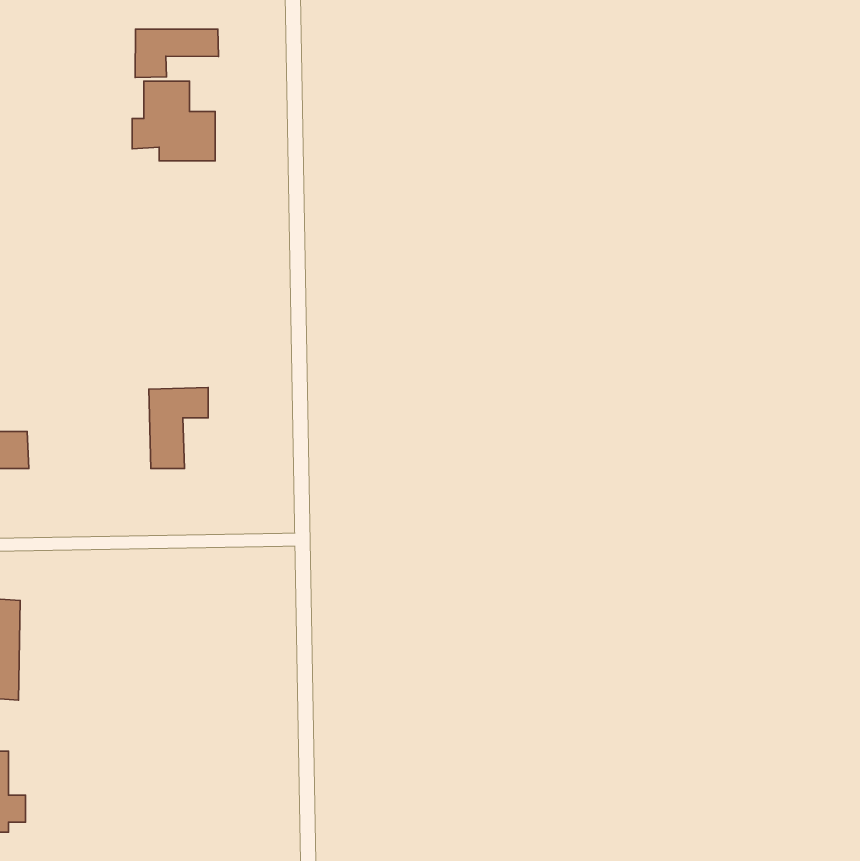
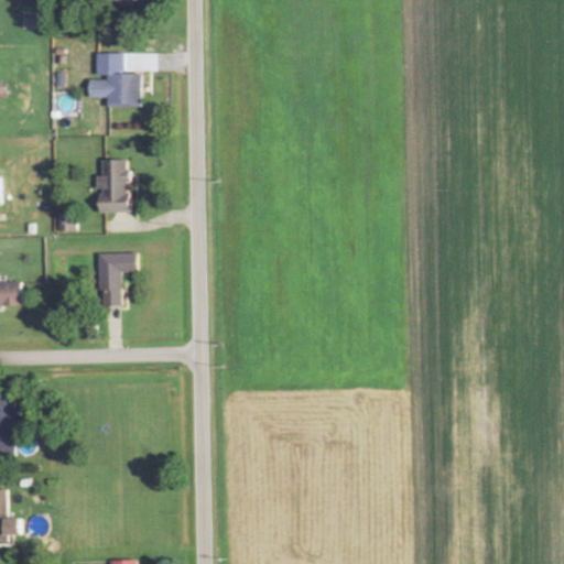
building: [135,29,219,77] -> none
building: none -> [95,159,130,213]

